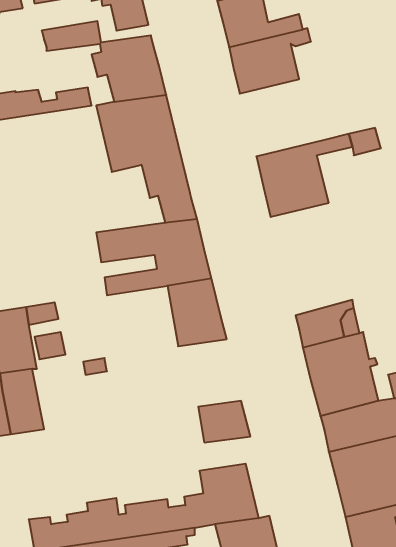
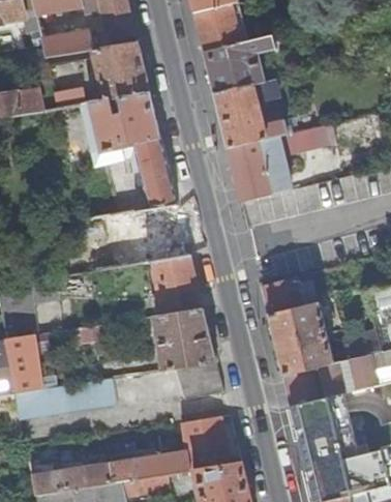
building: none -> [214,80,289,149]
building: none -> [154,308,215,370]
building: none -> [14,377,116,417]

